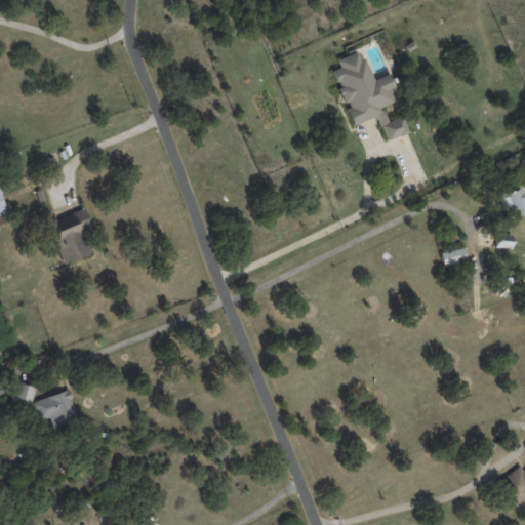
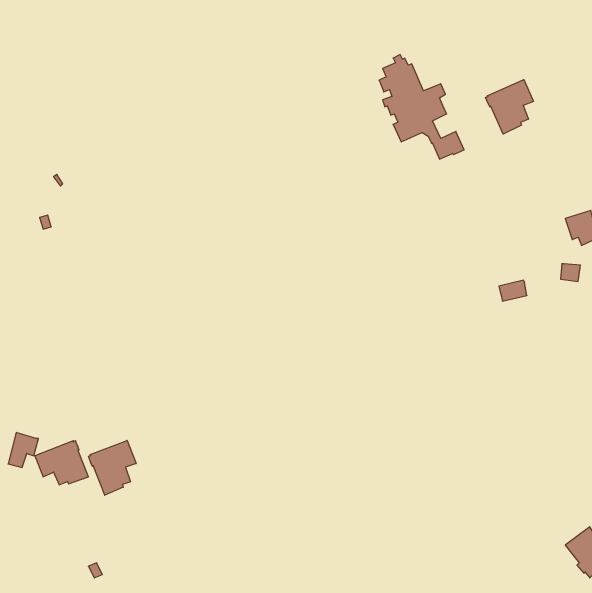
building: none -> [486,80,534,134]
building: [45,210,93,266] -> none
building: none -> [88,440,136,495]

